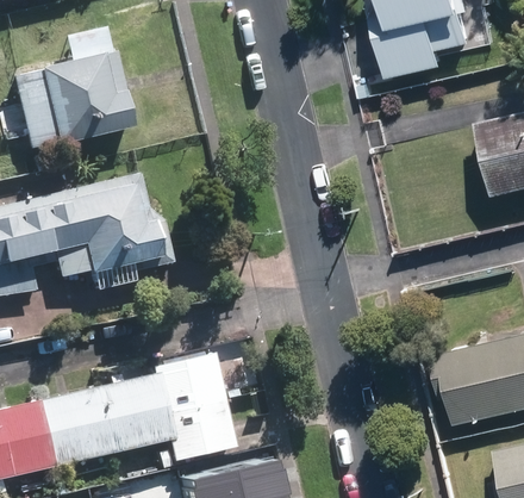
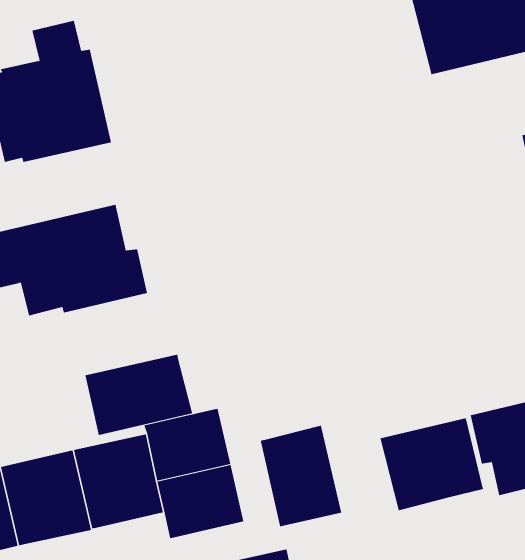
building: none -> [85,354,193,436]
building: none -> [380,417,484,511]
building: none -> [260,425,342,527]

